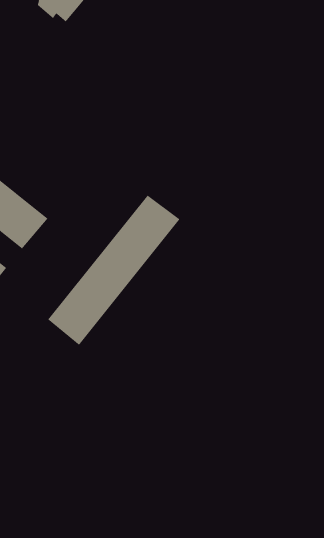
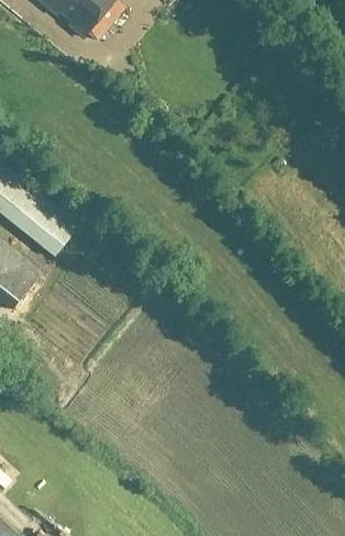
building: [47,195,181,346] -> none

